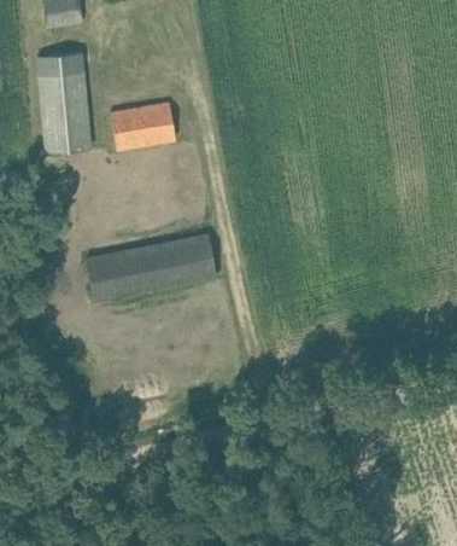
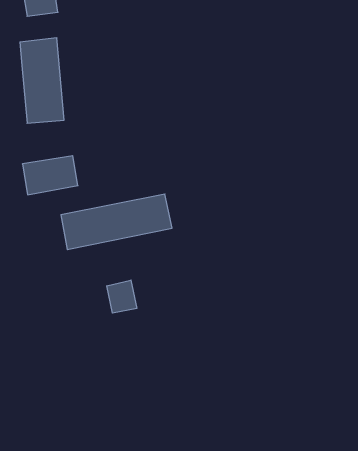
building: [110,103,175,149] -> [22,156,78,195]
building: none -> [107,280,137,313]

